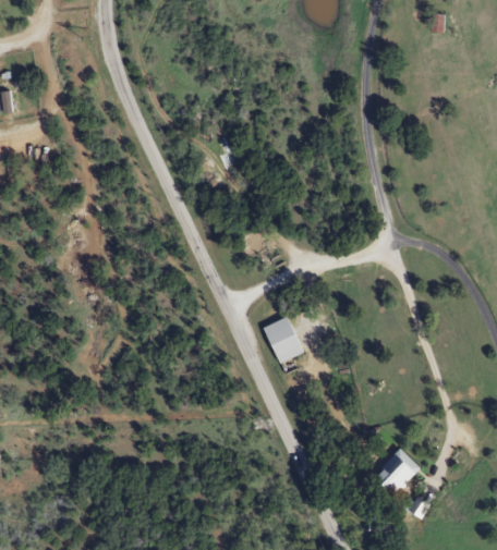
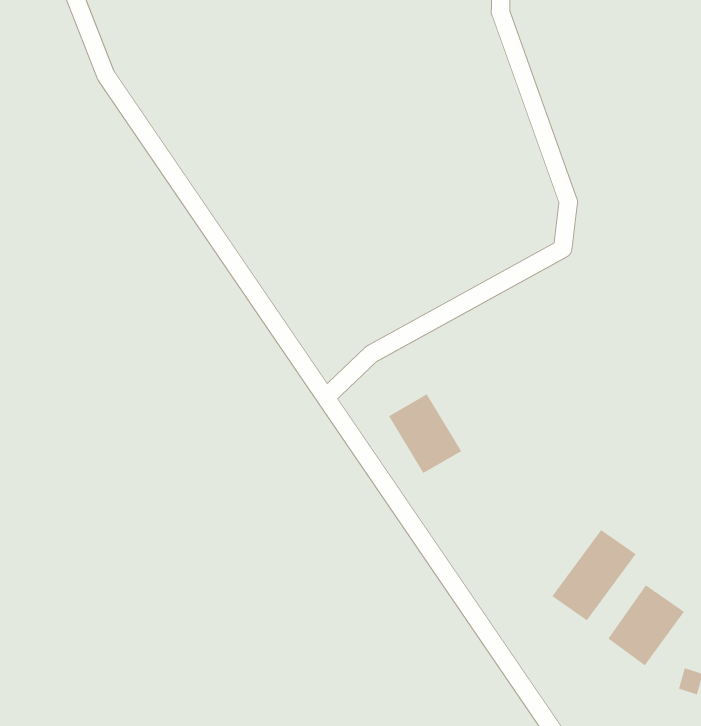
building: none -> [552,529,636,621]

